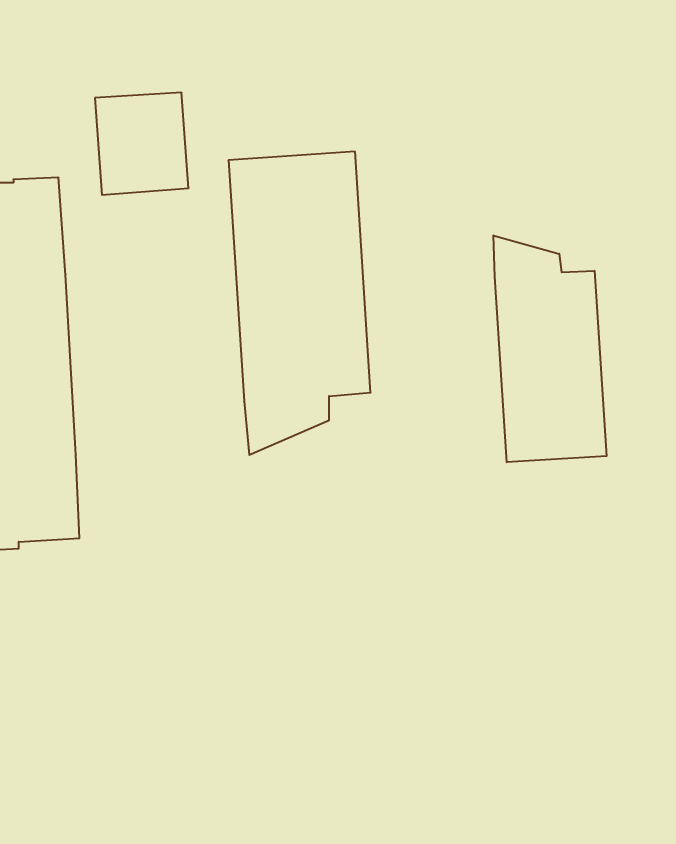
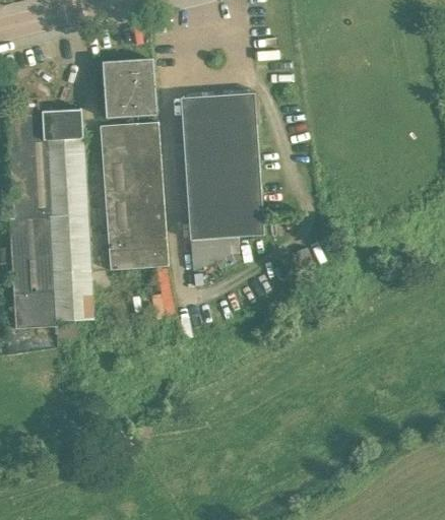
building: none -> [100,122,168,278]
building: [493,235,607,462] -> none

